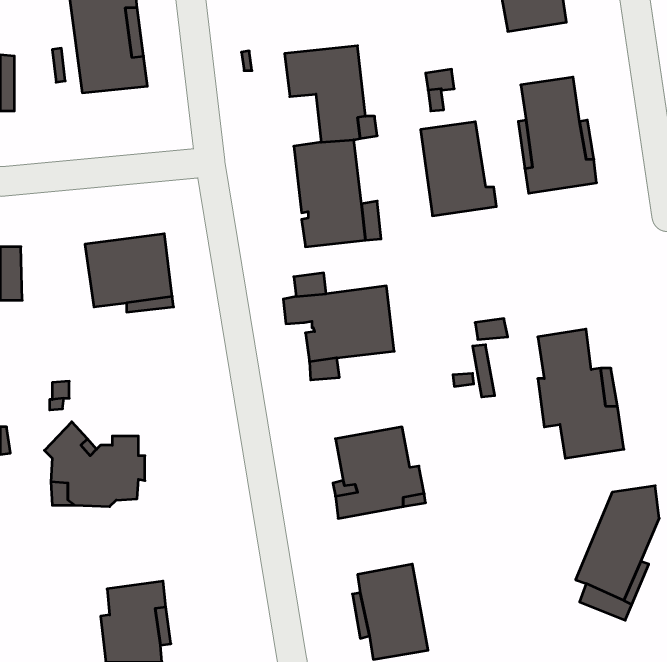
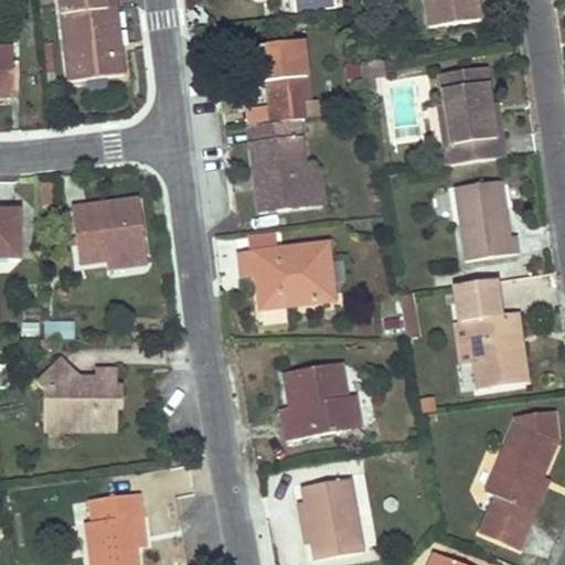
building: [421,122,496,216] -> [455,179,519,258]
building: none -> [481,509,529,545]

